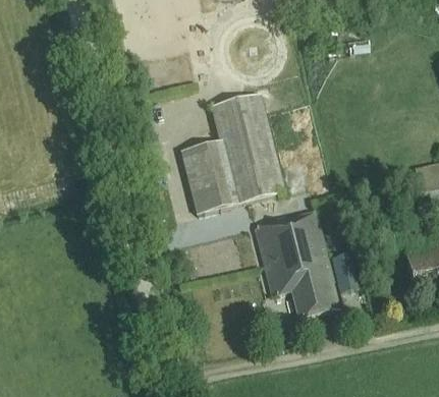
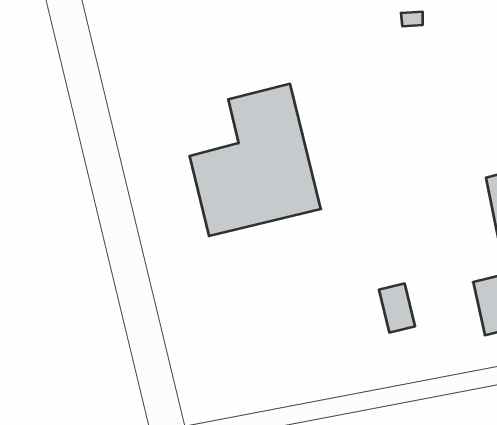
building: [256,210,337,314] -> none

